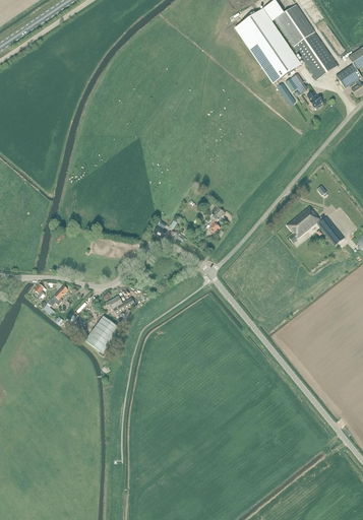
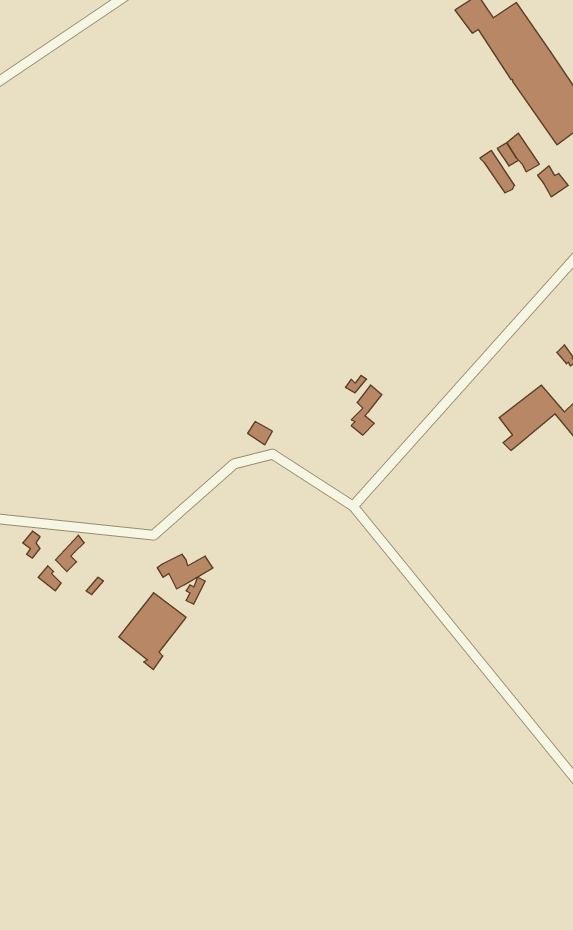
building: [236,9,300,82] -> none

